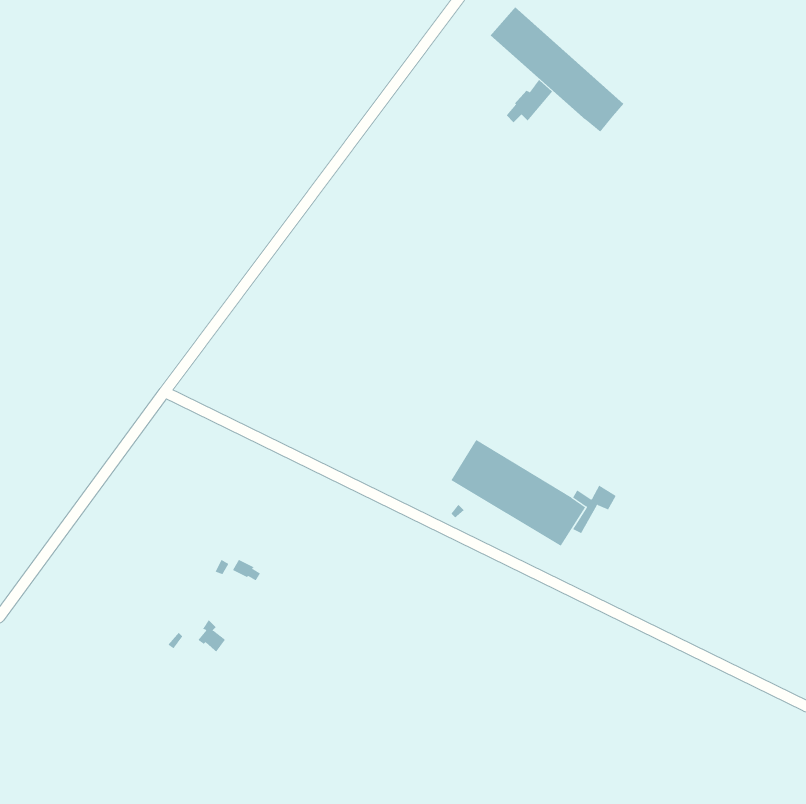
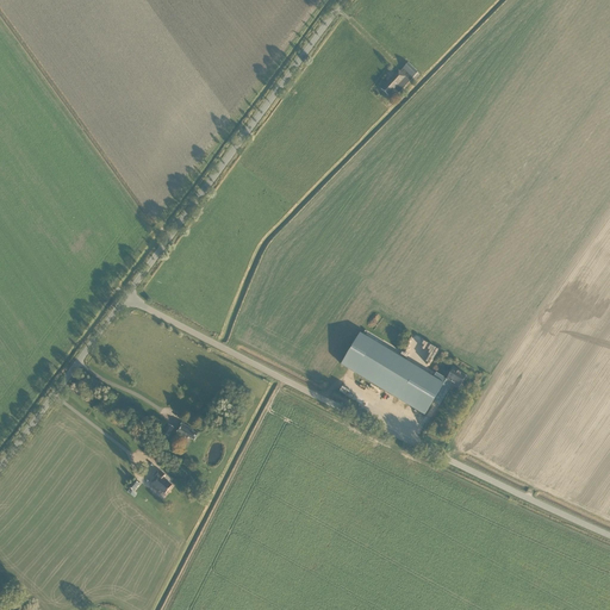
building: [490,6,624,133] -> none

